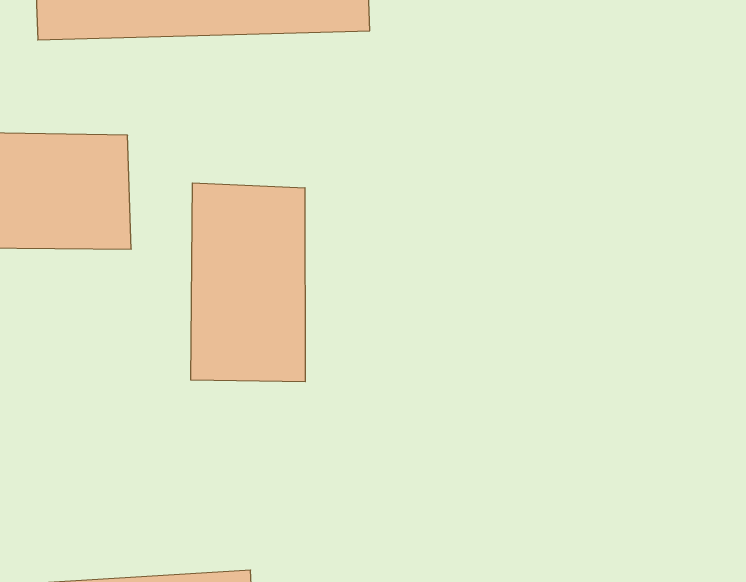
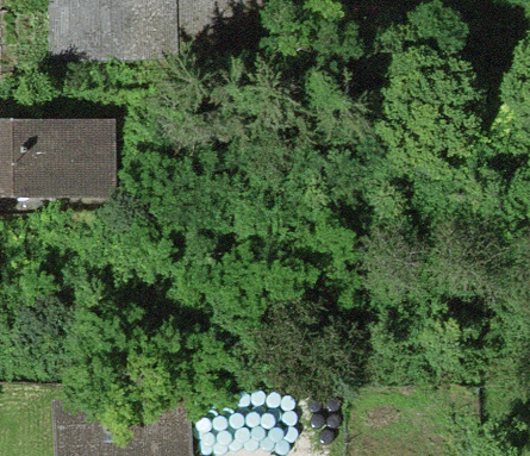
building: [191,183,305,382] -> none

